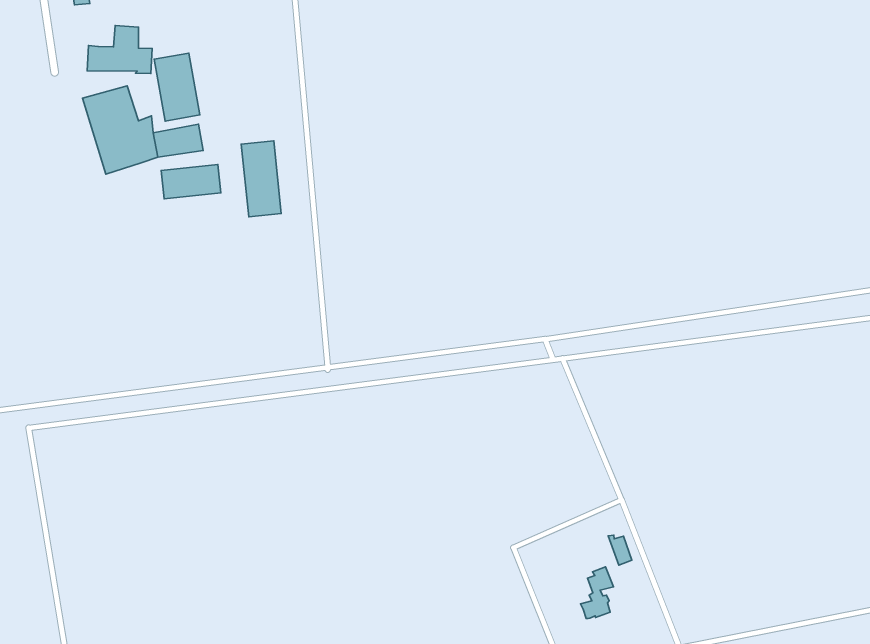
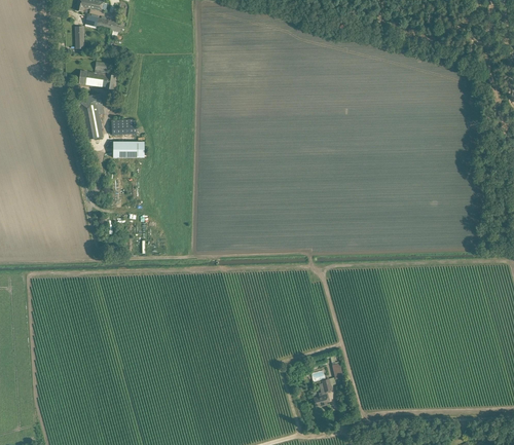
building: [154,53,200,121] -> none
building: [241,141,281,217] -> none

